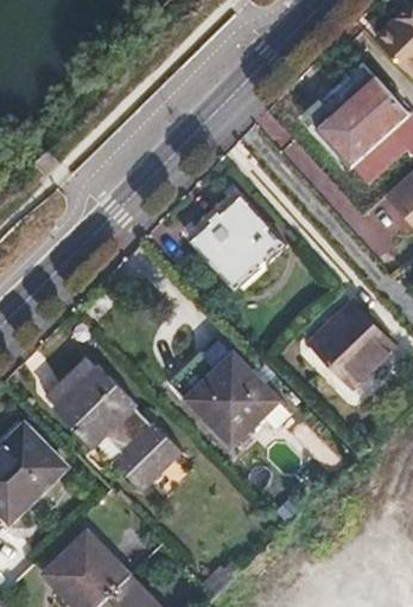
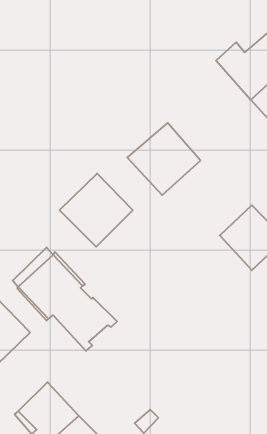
building: [184,352,279,447] -> [60,173,133,247]

